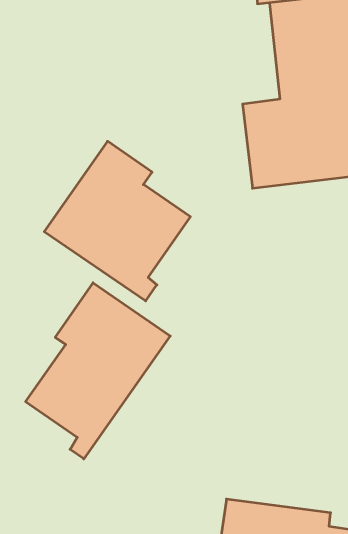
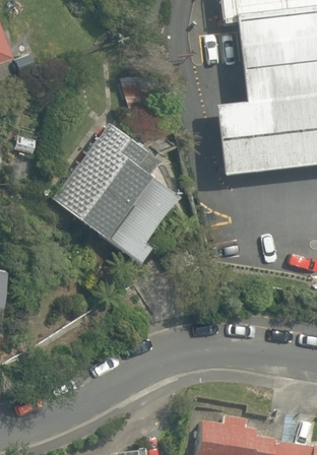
building: [26,283,170,459] -> none

